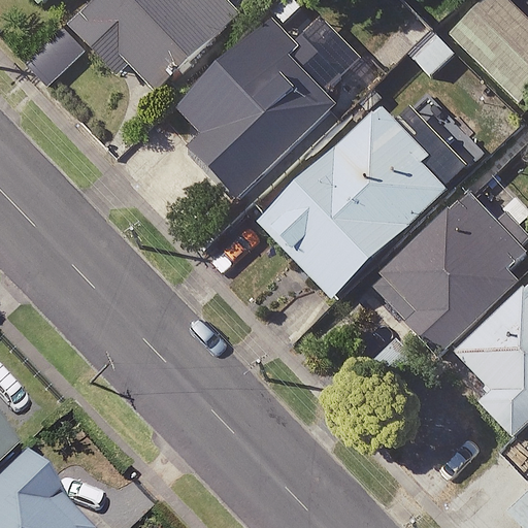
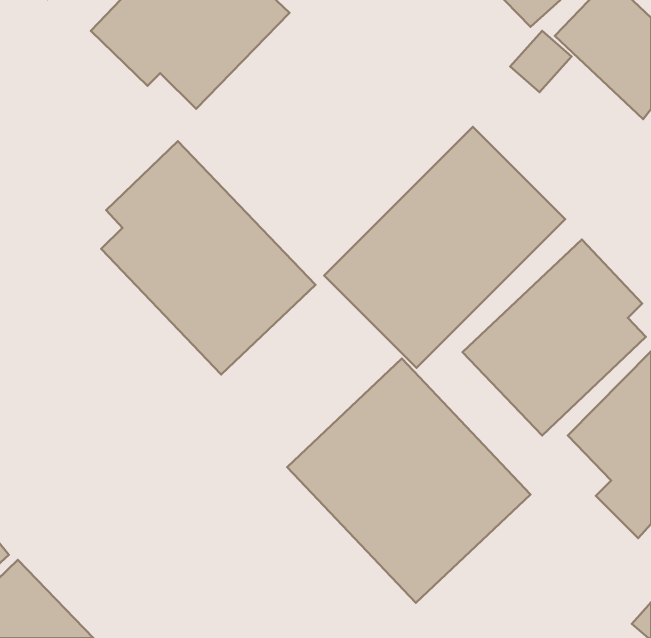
building: [177,7,341,197] -> none
building: none -> [101,141,315,374]
building: none -> [287,359,530,603]

